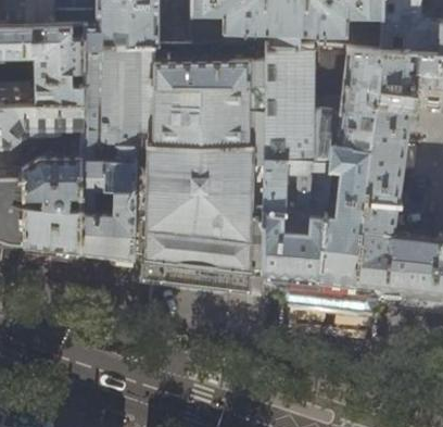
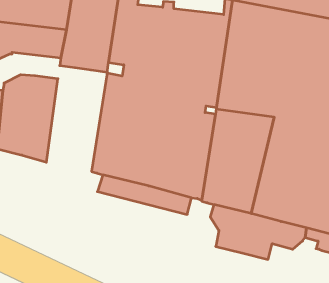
building: [79,140,134,258] -> none

